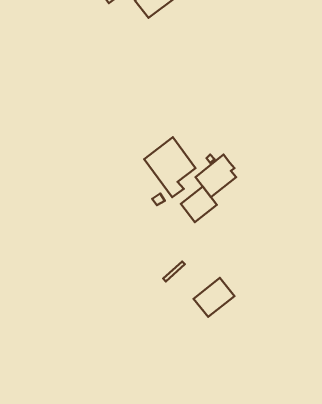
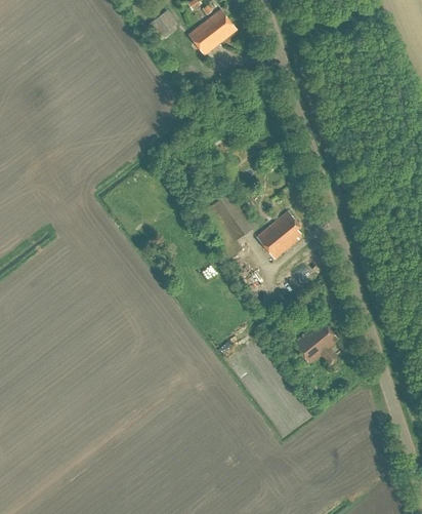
building: [181,187,217,222] -> none
building: [194,278,234,317] -> [293,320,339,364]

